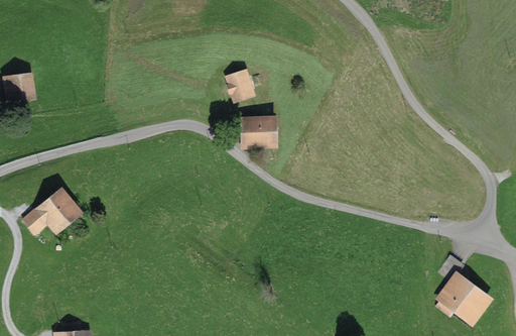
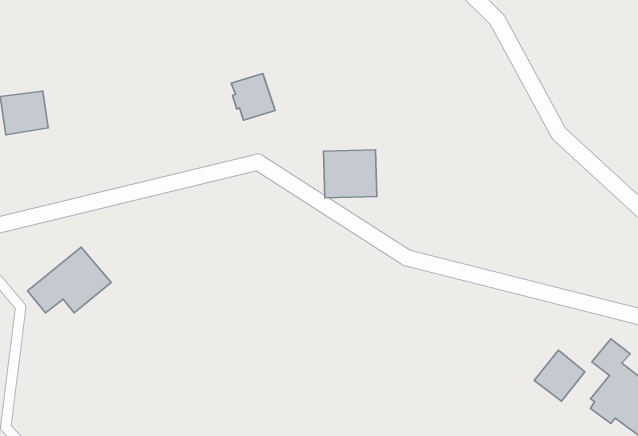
building: [224,69,256,103] -> [231,74,275,120]
building: none -> [534,350,585,401]

